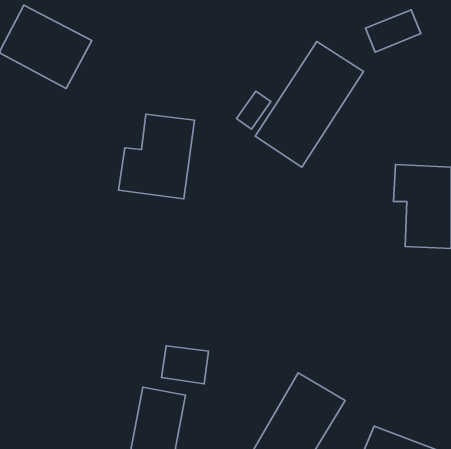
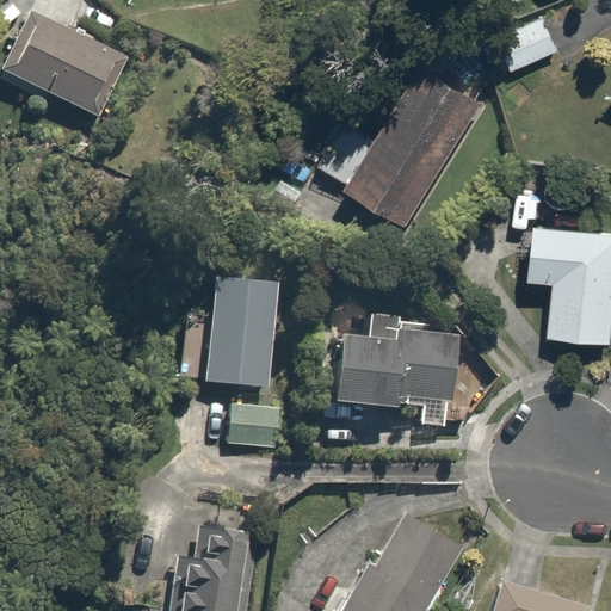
building: [119,114,195,199] -> [179,277,282,391]
building: none -> [340,315,458,425]
building: [162,346,208,384] -> [224,400,288,451]

